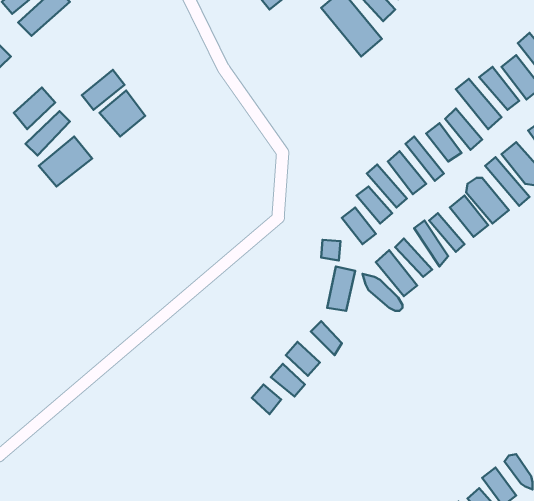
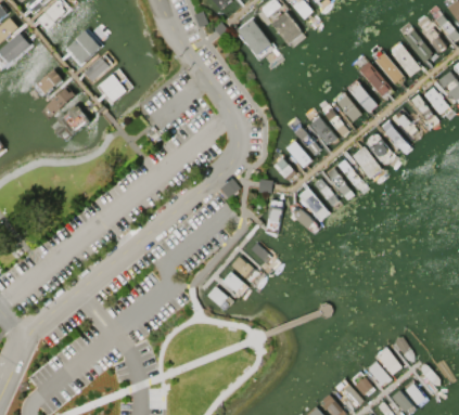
building: none -> [233,17,275,61]
building: none -> [65,30,103,67]

